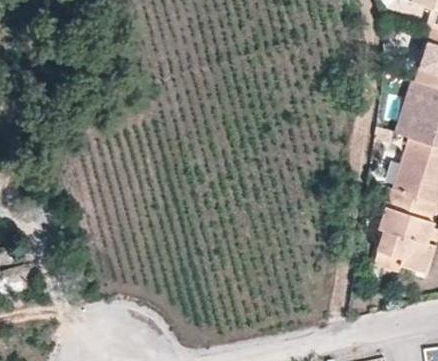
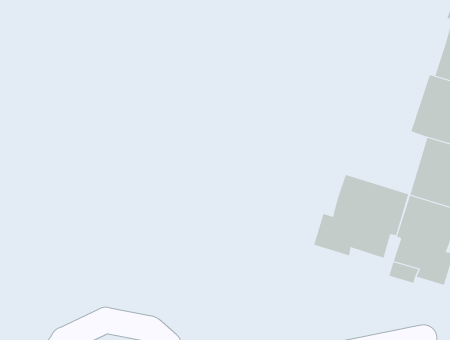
building: none -> [314,174,409,258]

